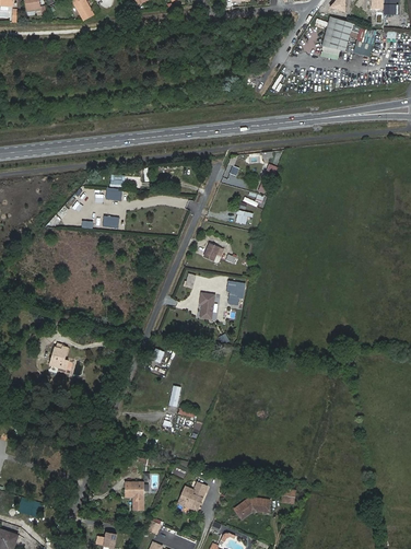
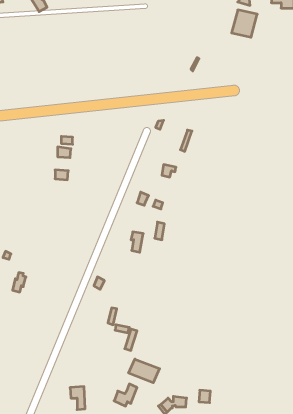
building: none -> [129,359,160,383]

